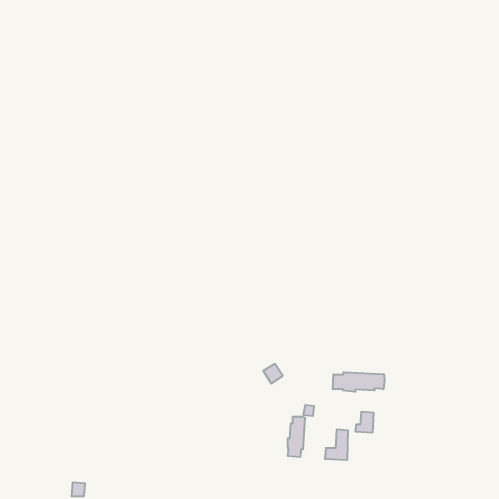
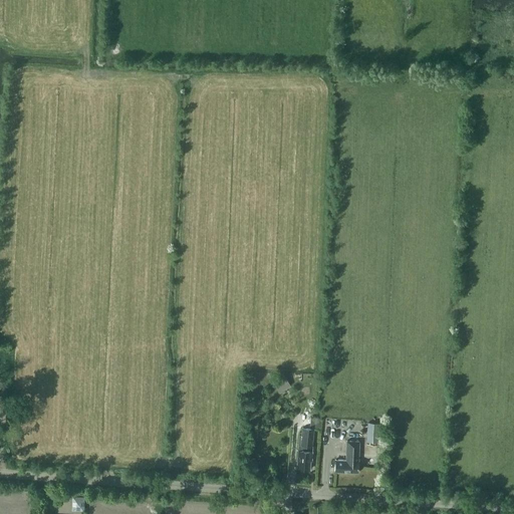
building: [333,372,385,392] -> none

